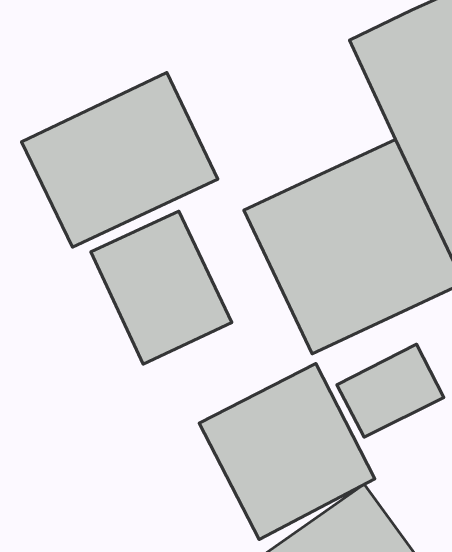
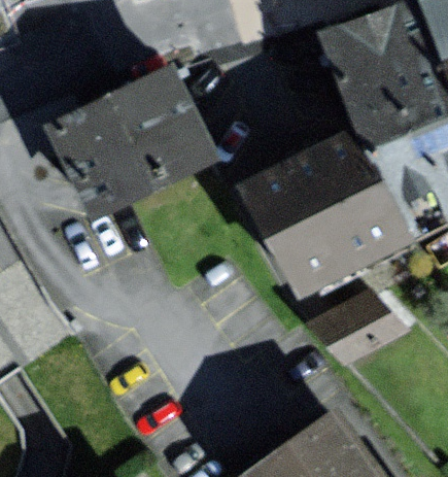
building: [91,211,232,364] -> none
building: [199,363,375,539] -> none

